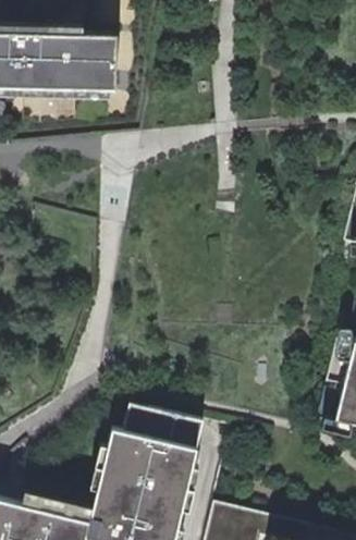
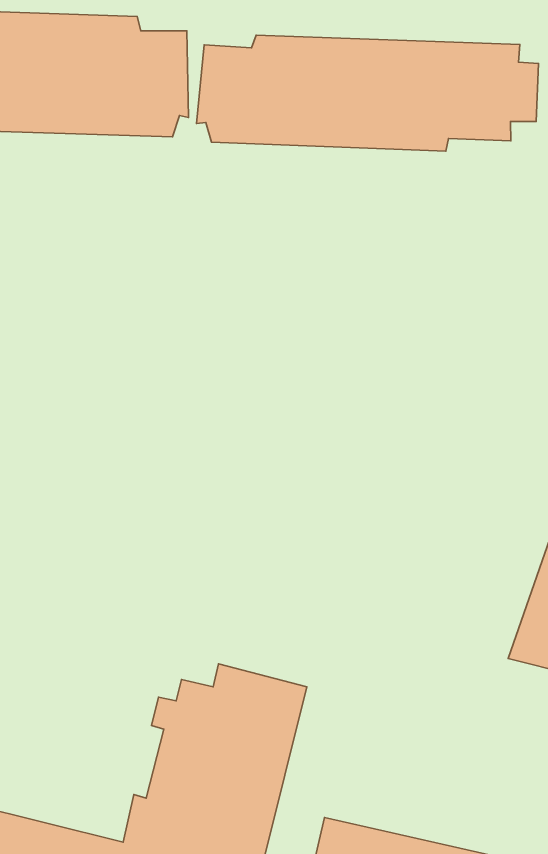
building: none -> [196,35,539,151]

